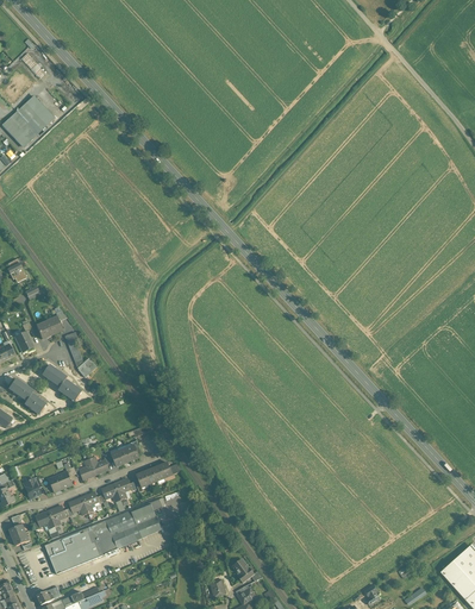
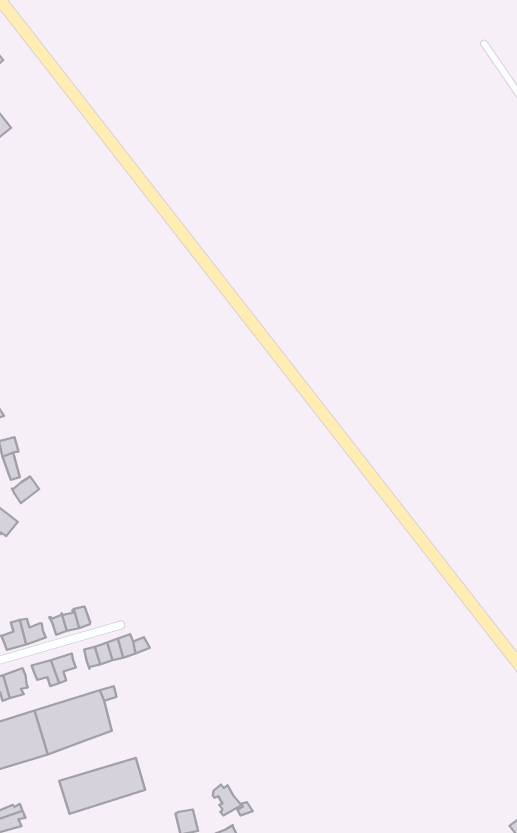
building: none -> [59,758,145,814]

